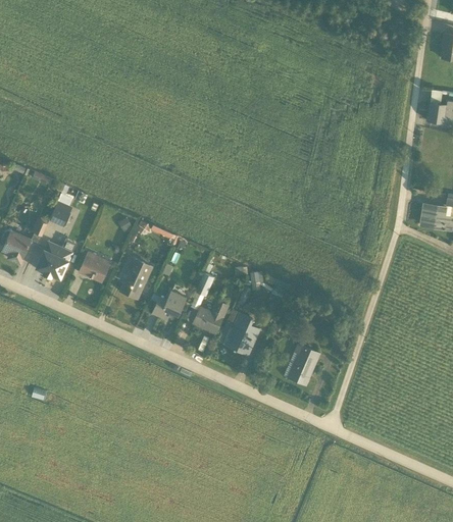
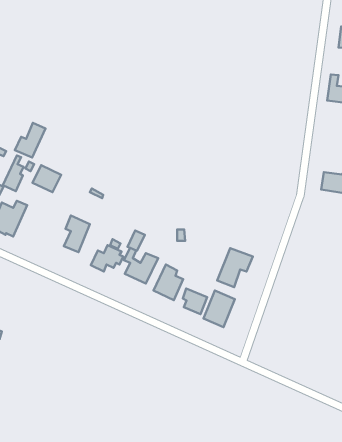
building: none -> [15,123,46,157]
building: [78,251,111,282] -> [32,165,61,192]
building: none -> [217,248,253,287]
building: none -> [183,289,207,314]

